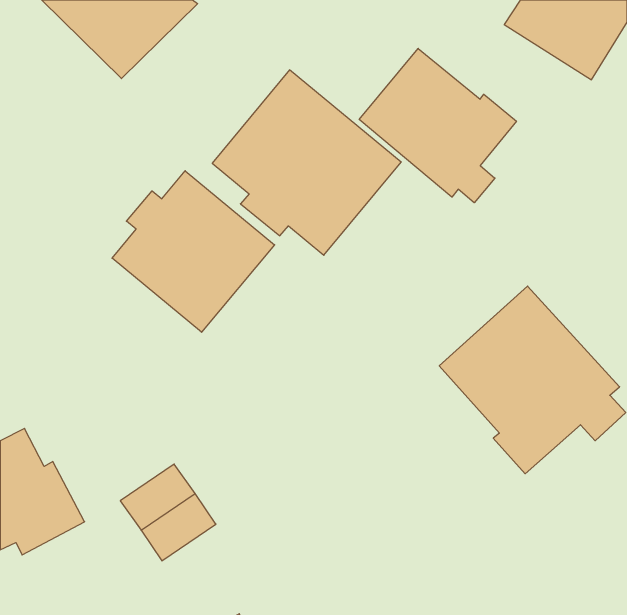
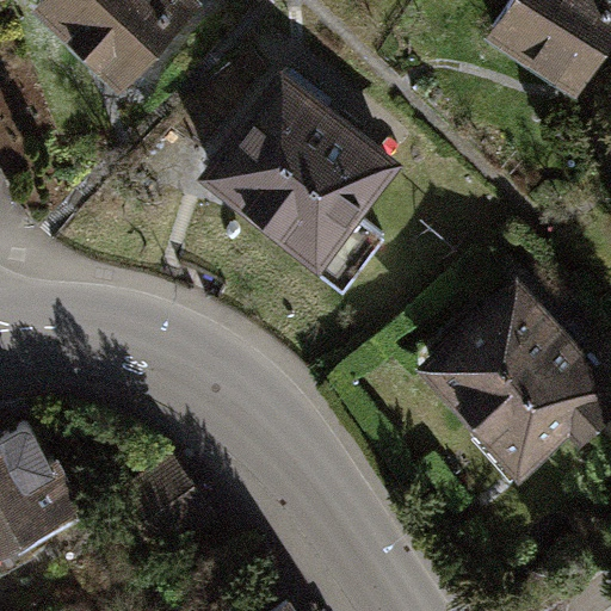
building: [359,48,516,203] -> none
building: [112,171,275,332] -> none

